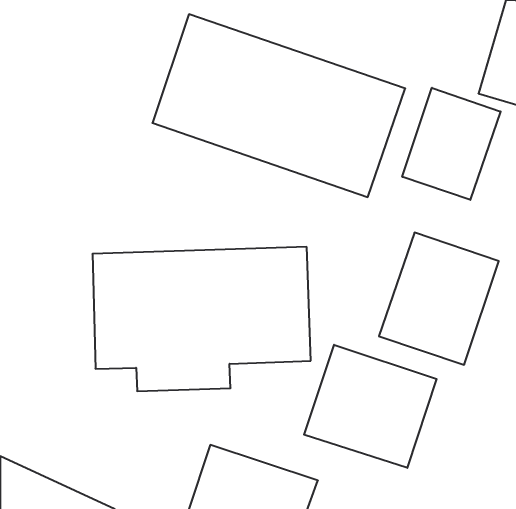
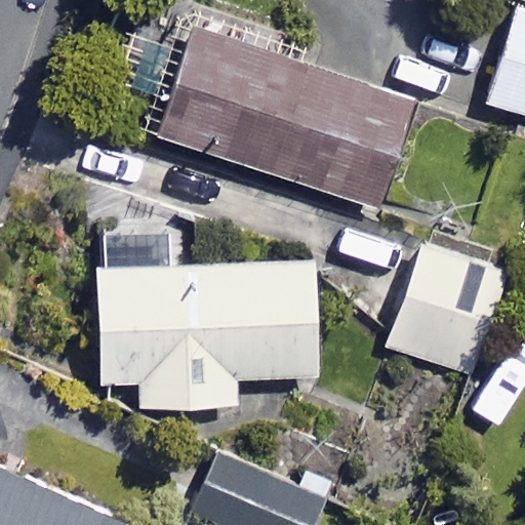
building: [402,88,501,200] -> none
building: [304,345,437,468] -> none

